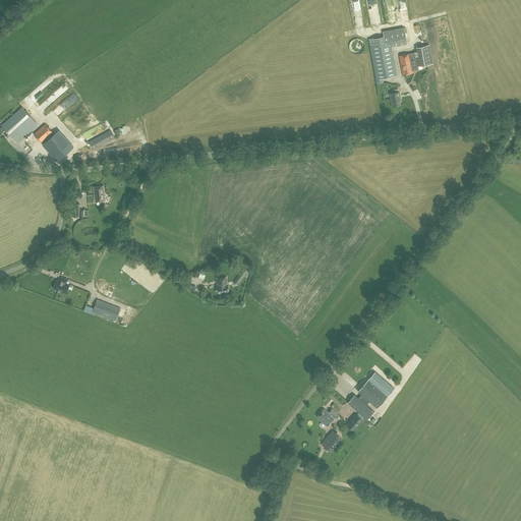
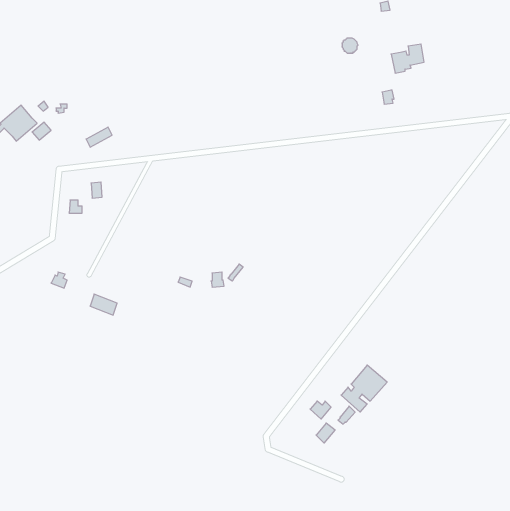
building: [367,27,406,82] -> none
building: [42,130,72,161] -> none

